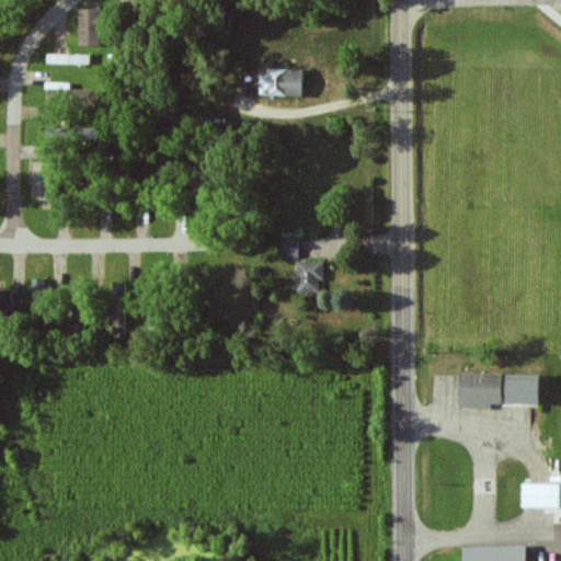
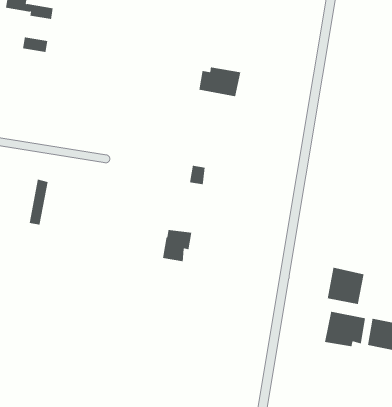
building: [257,69,301,98] -> [198,67,241,97]
building: [294,261,322,295] -> [162,229,192,262]
building: none -> [327,267,364,305]

